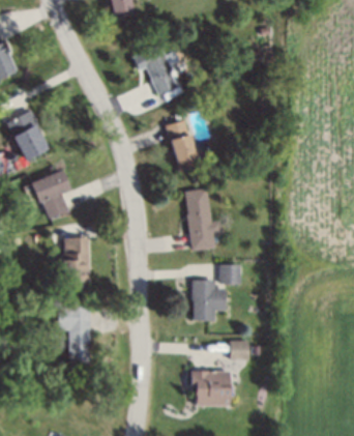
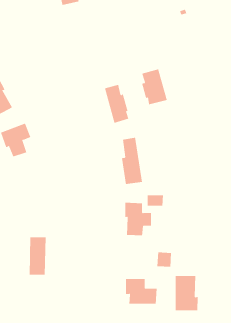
building: [135,45,177,94] -> none
building: none -> [141,69,167,105]
building: [62,236,92,288] -> none
building: none -> [175,275,198,311]

